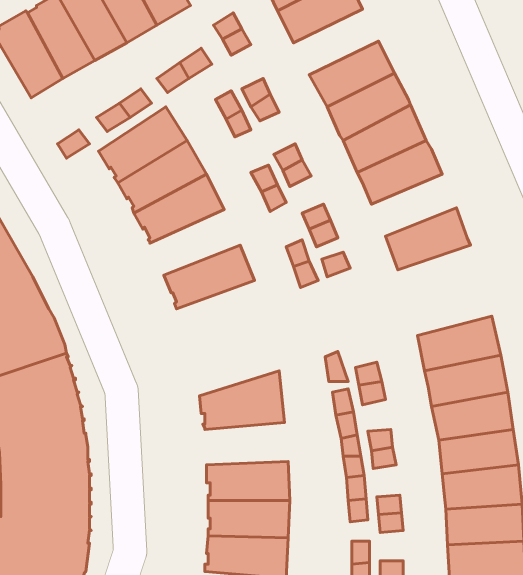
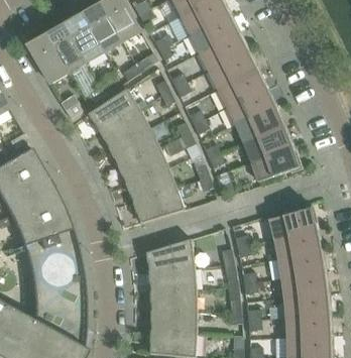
building: none -> [199,32,247,70]
building: none -> [243,126,291,161]
building: none -> [117,146,168,184]
building: none -> [132,187,184,222]
building: none -> [148,267,196,291]

